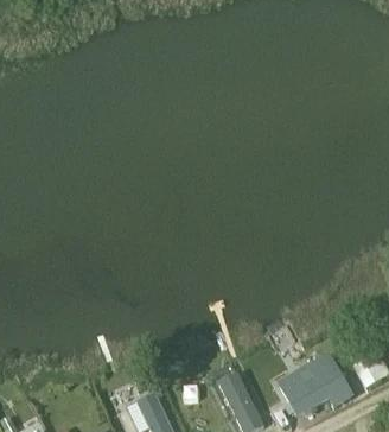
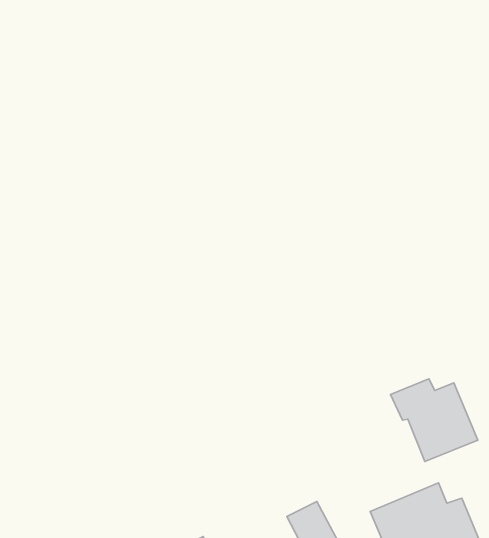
building: none -> [390,379,478,462]

